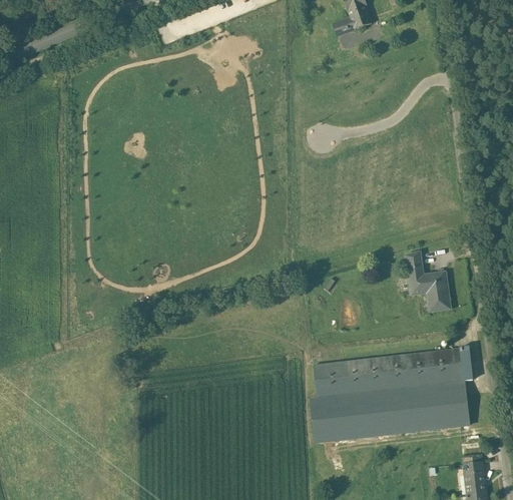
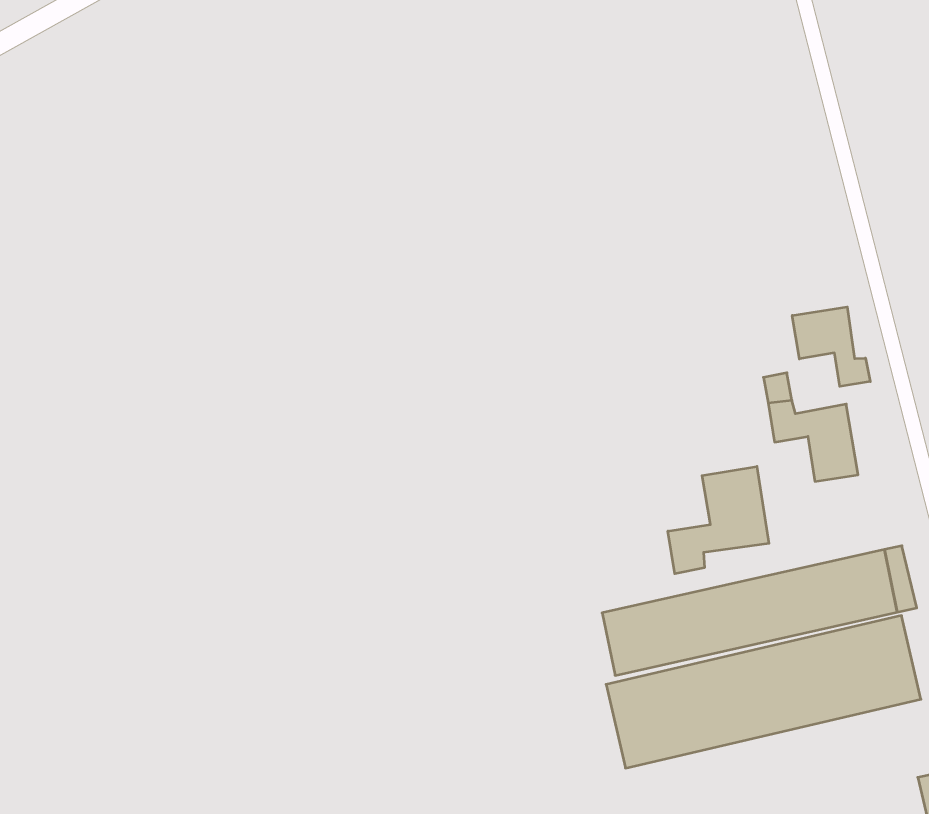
building: none -> [792,307,870,386]
building: none -> [668,466,769,574]

